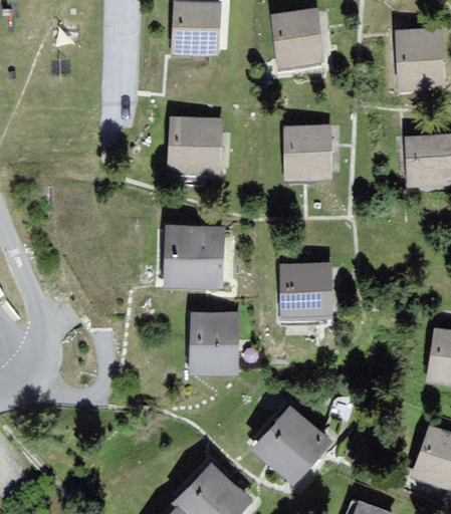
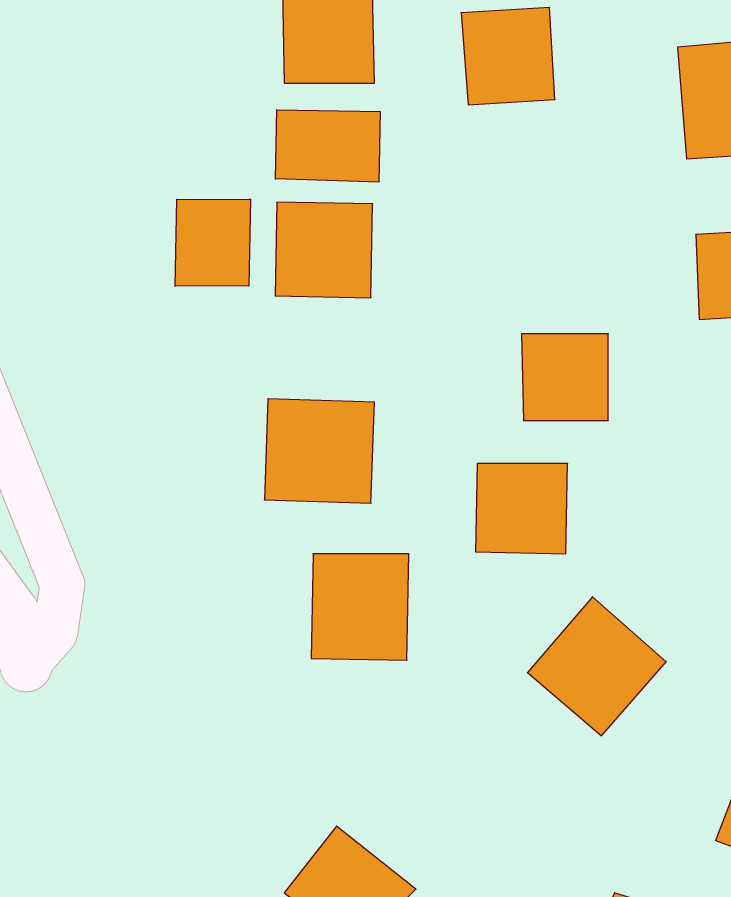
building: none -> [275,110,380,182]
building: none -> [175,199,250,286]
building: [283,127,331,176] -> [522,334,608,420]
building: [251,406,328,483] -> [527,597,666,736]

